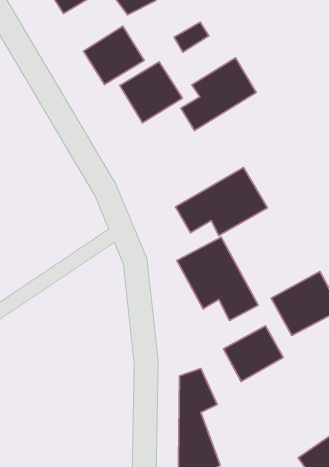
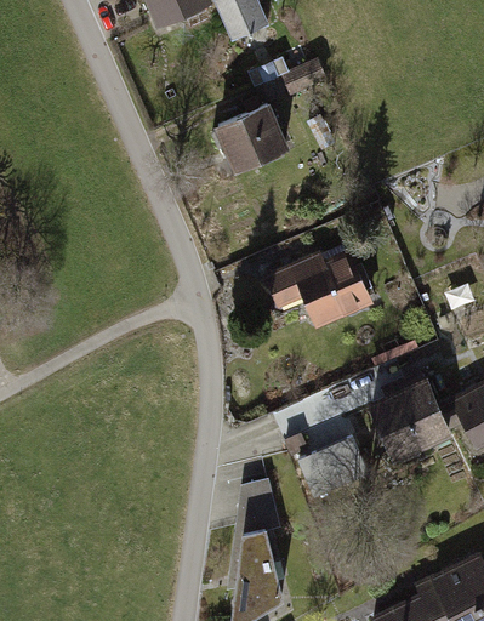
building: [83,26,144,84] -> none
building: [181,58,256,130] -> none
building: [177,237,258,321] -> none

